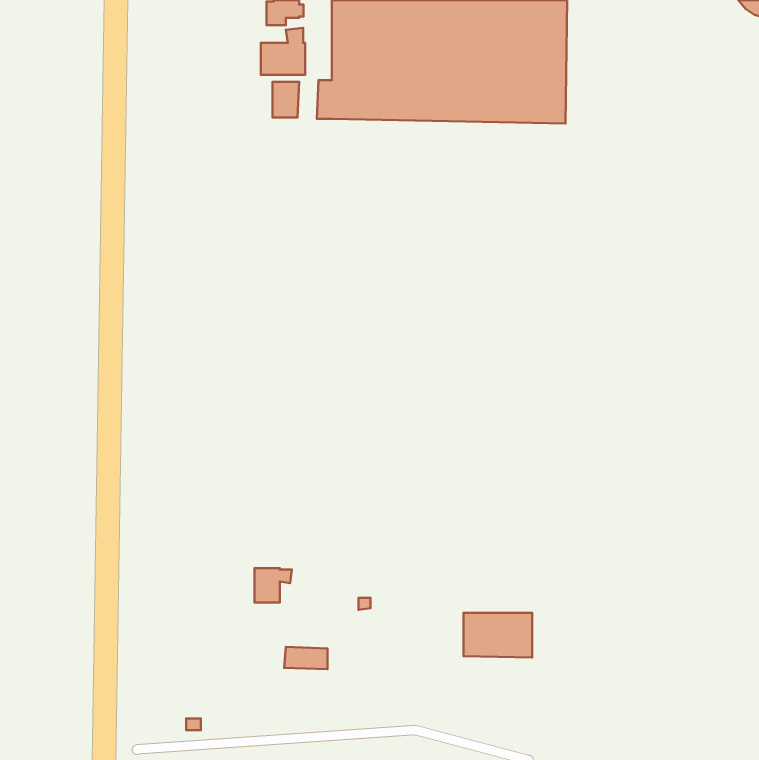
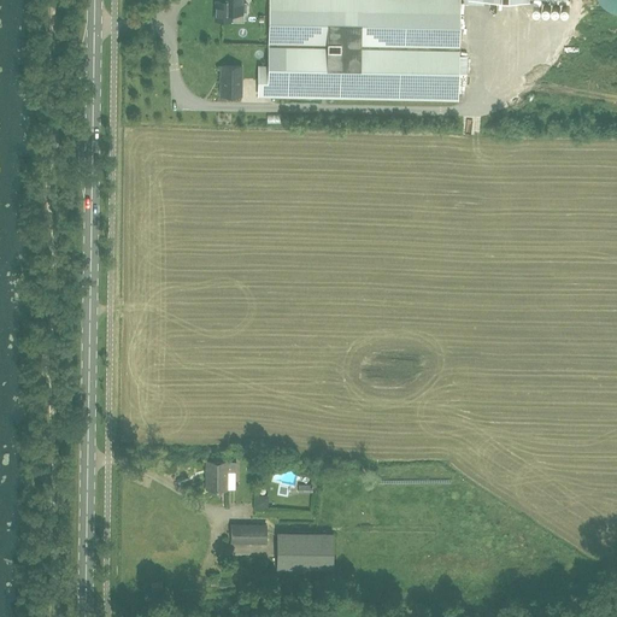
building: [261,28,305,75] -> none
building: [464,613,532,658] -> [278,533,334,569]

